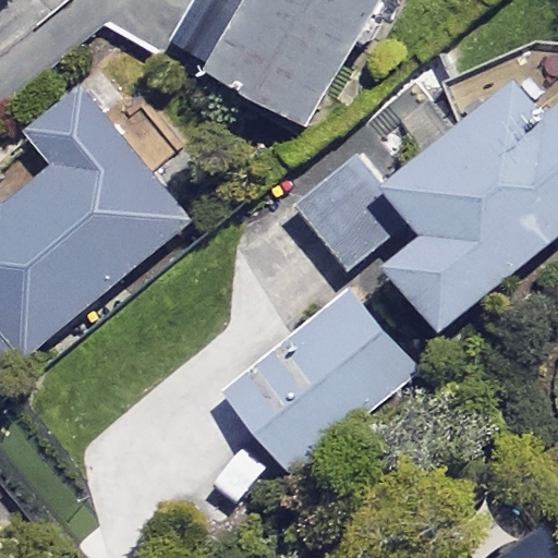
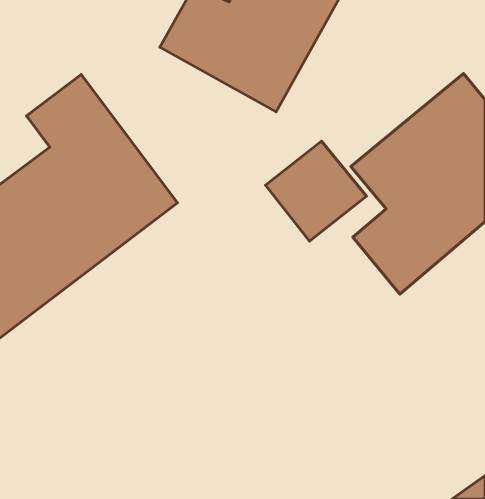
building: [222,291,407,470] -> none

